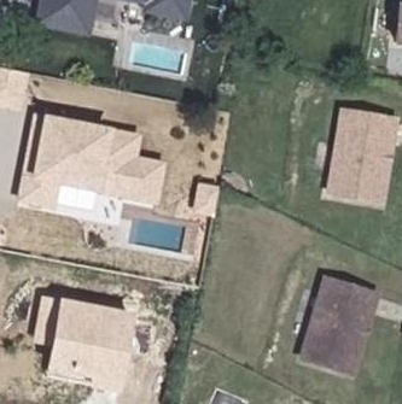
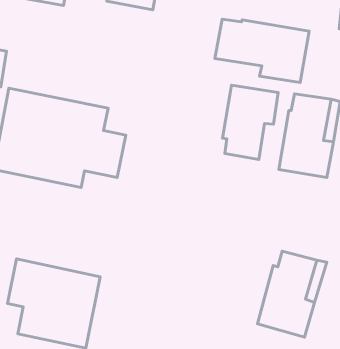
building: none -> [215,19,309,82]
building: none -> [223,85,278,159]

